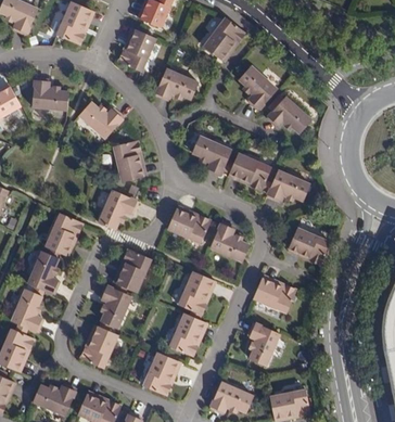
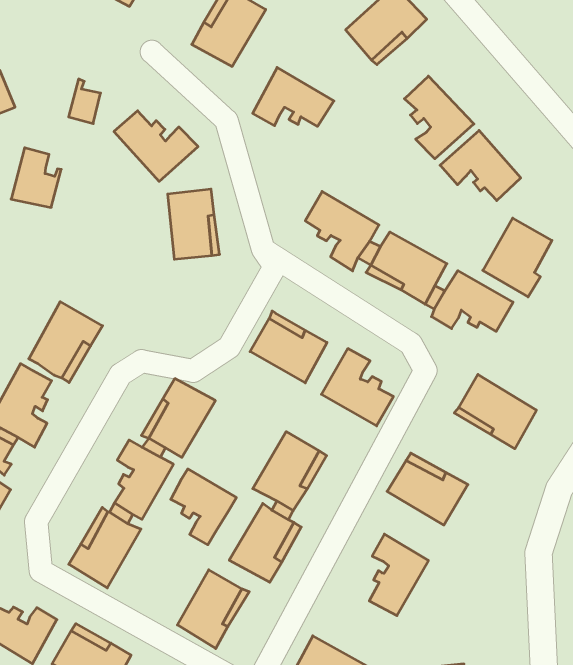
building: [30,78,56,110] -> [11,148,61,207]
building: none -> [483,218,552,297]
building: [98,190,139,229] -> none
building: none -> [171,469,236,545]

